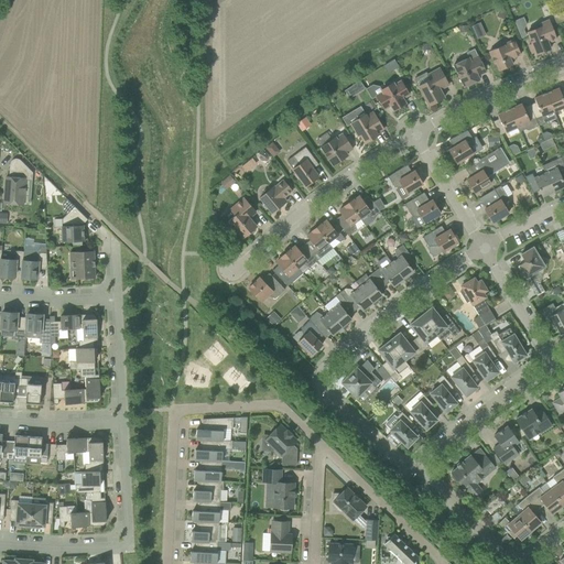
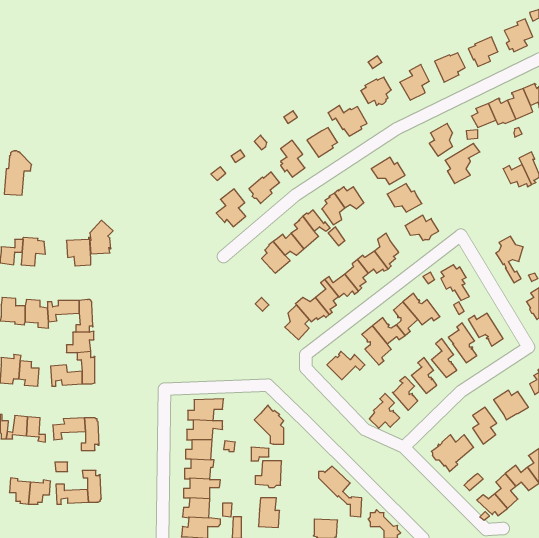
building: [480,185,509,221] -> none
building: [62,205,86,240] -> [90,220,113,254]
building: [249,272,285,301] -> none
building: [75,469,104,492] -> none

